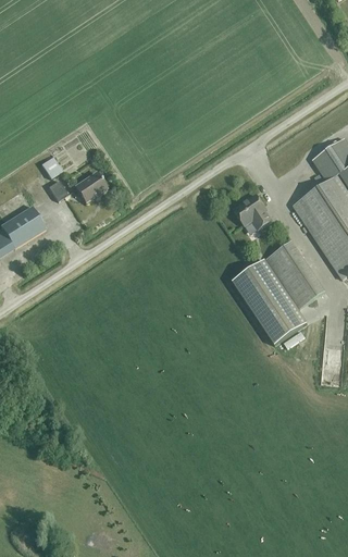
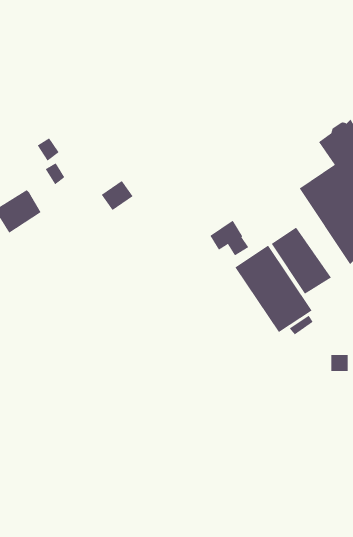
building: [76,172,108,201] -> [101,180,134,211]
building: [234,194,272,228] -> [210,220,249,256]

